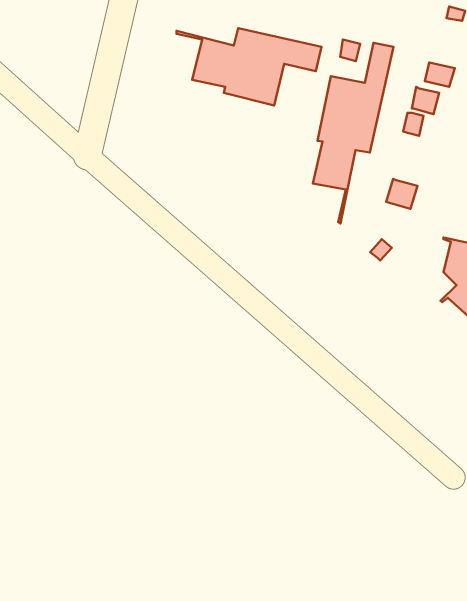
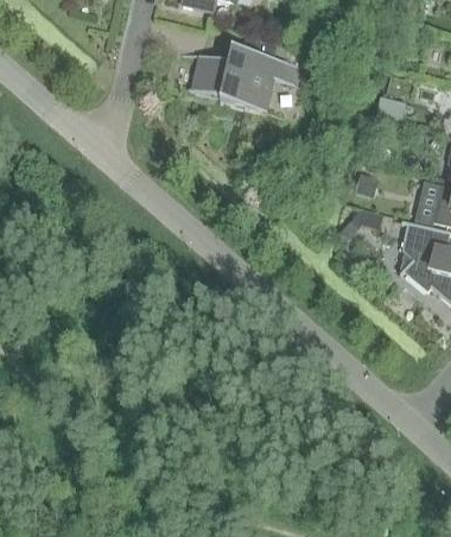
building: [313,43,393,224] -> none

